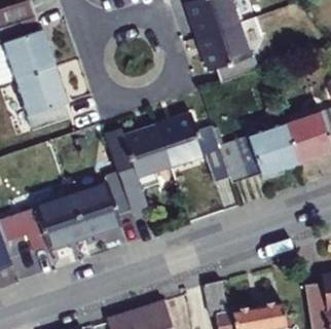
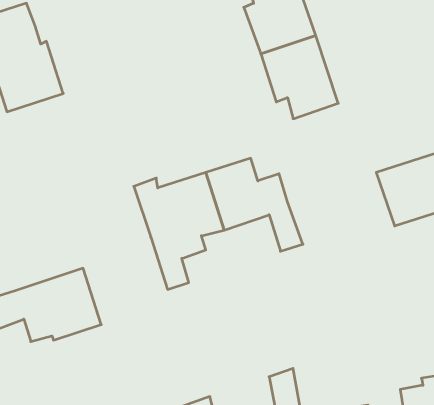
building: [13,70,68,133] -> none
building: [218,127,296,184] -> none
building: [69,175,131,239] -> none

